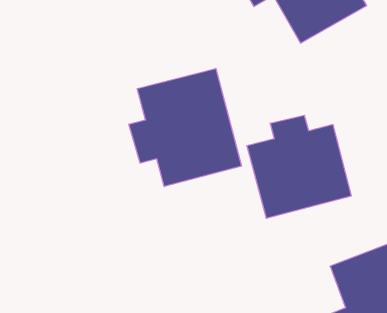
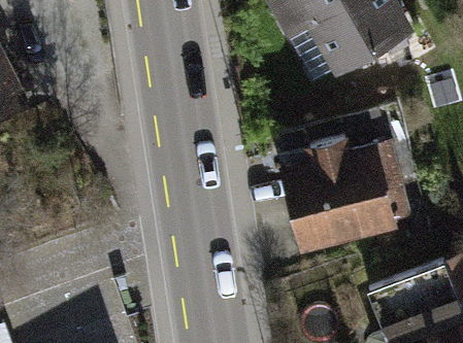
building: [129,68,241,187] -> none

